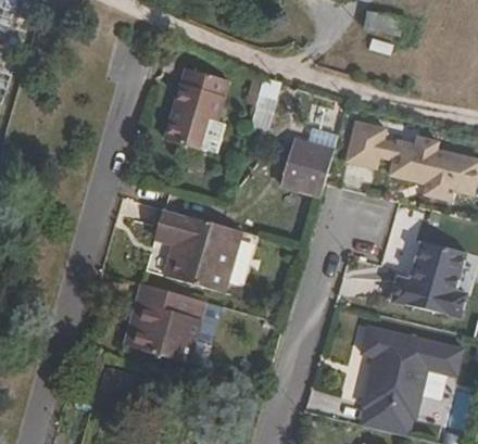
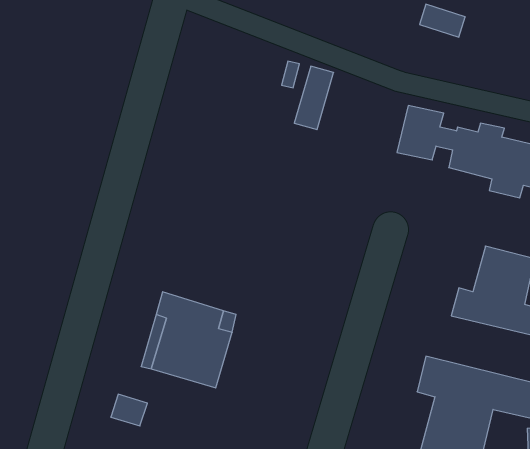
building: [165,65,229,145] -> none
building: [278,143,330,200] -> none
building: [153,207,238,291] -> none

